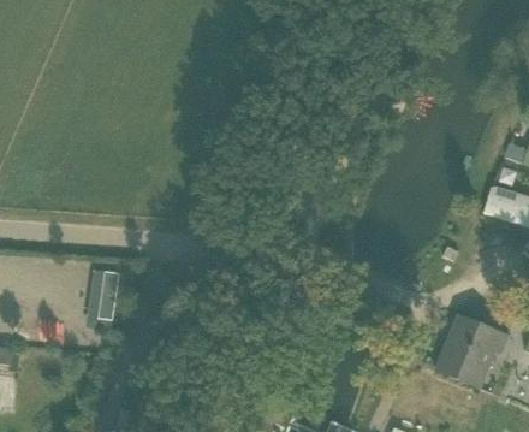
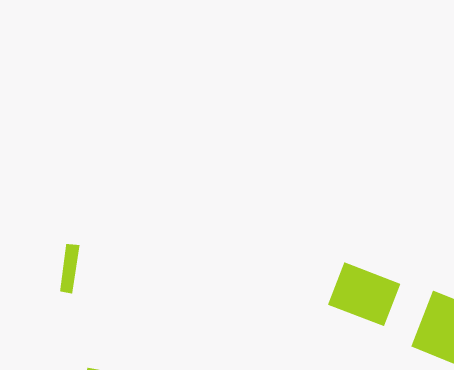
building: none -> [327,261,402,327]

